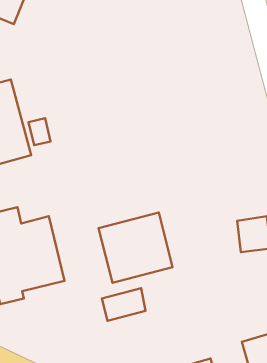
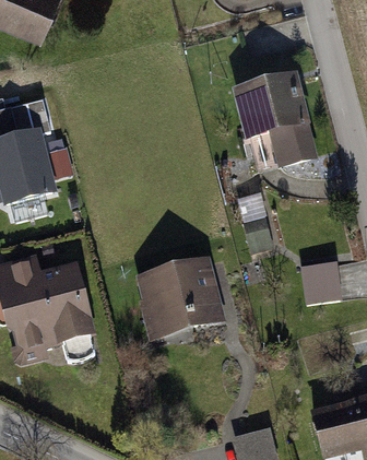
building: none -> [228,71,318,168]
building: [102,288,146,321] -> none

